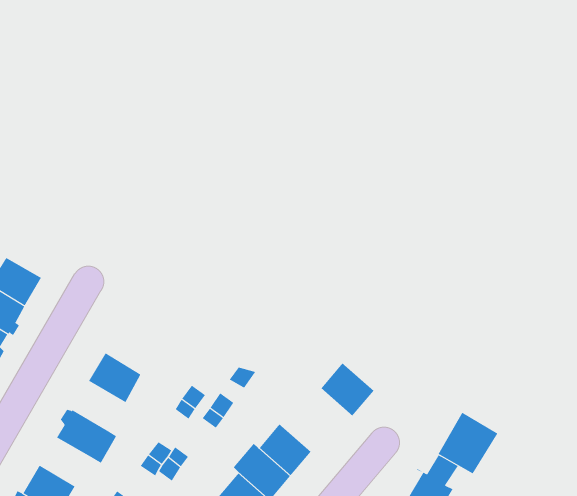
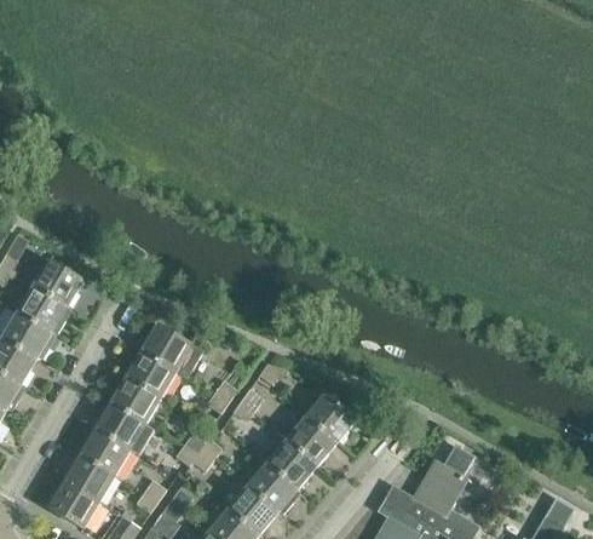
building: none -> [142,325,202,377]
building: [320,362,375,417] -> [305,392,356,443]
building: none -> [110,377,161,424]
building: [438,412,498,474] -> none
building: none -> [80,430,129,476]

